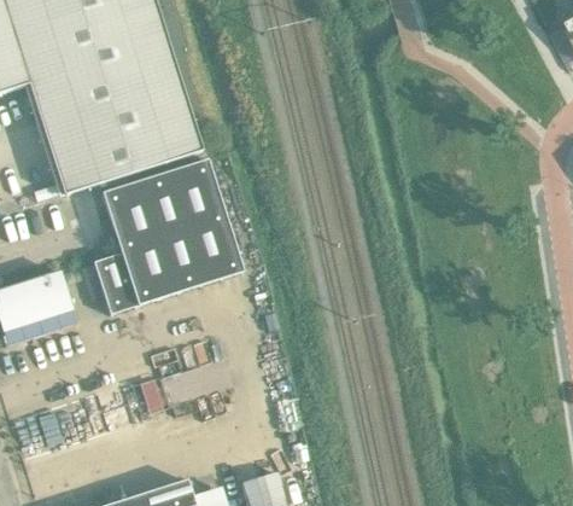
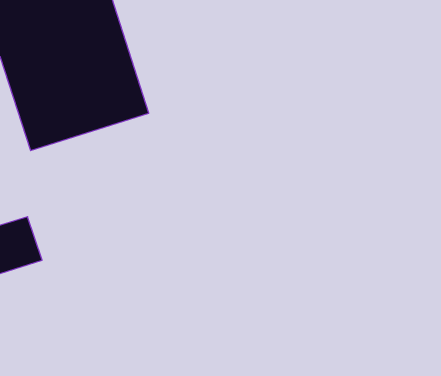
building: [93,158,242,313] -> none

